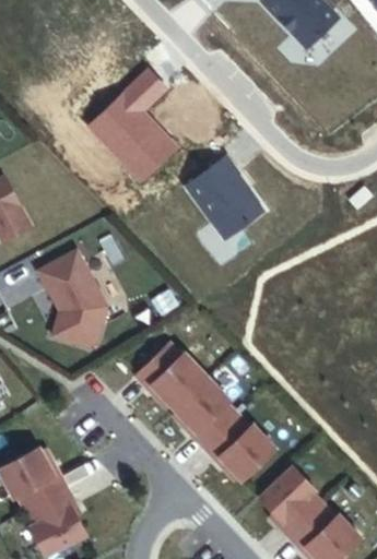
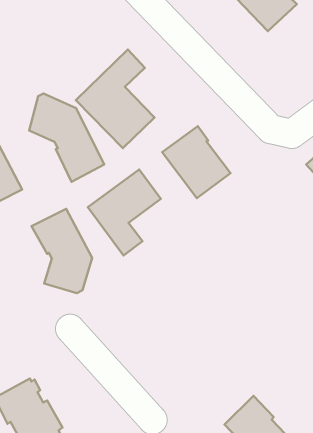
building: none -> [29,93,104,182]
building: none -> [88,169,161,256]
building: [133,340,273,477] -> none

